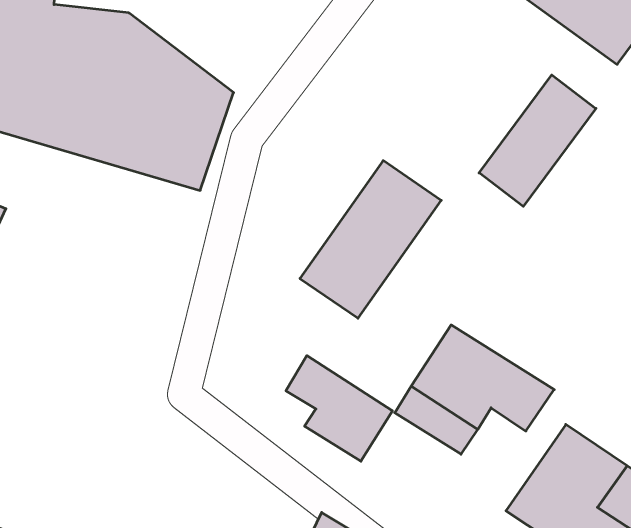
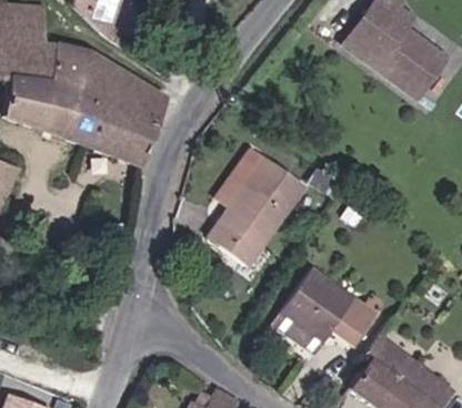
building: [479,75,596,206] -> none
building: [286,356,392,461] -> none

